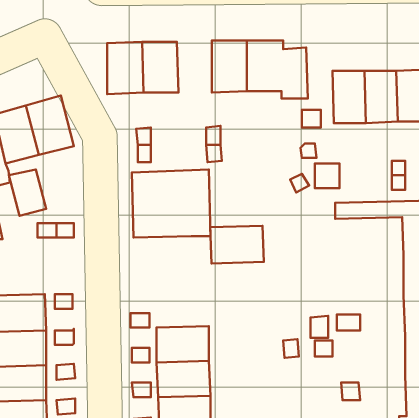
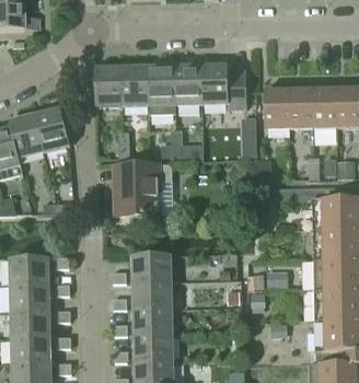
building: none -> [147,66,173,114]
building: [9,169,46,216] -> none
building: [210,226,264,263] -> [130,254,171,282]

